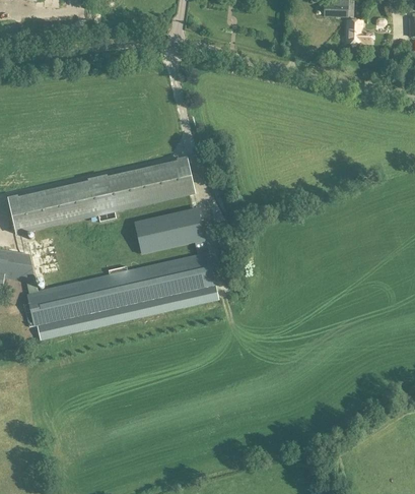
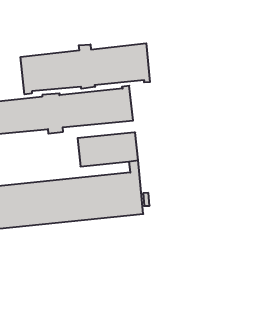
building: none -> [21,43,150,94]

